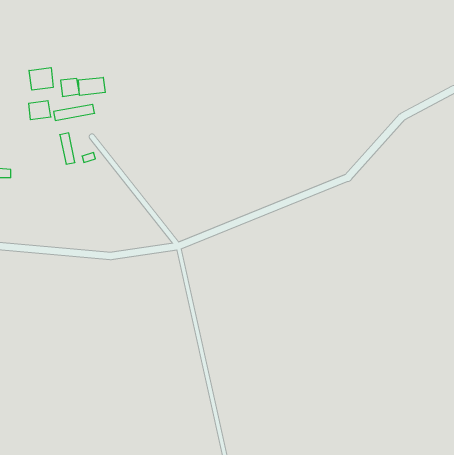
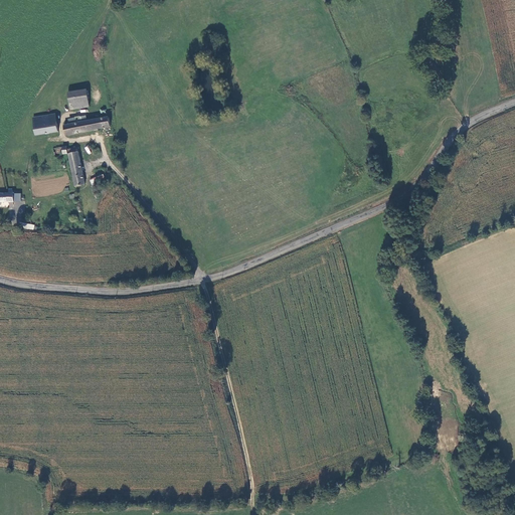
building: [29,68,53,90] -> none
building: [79,77,105,95] -> none

